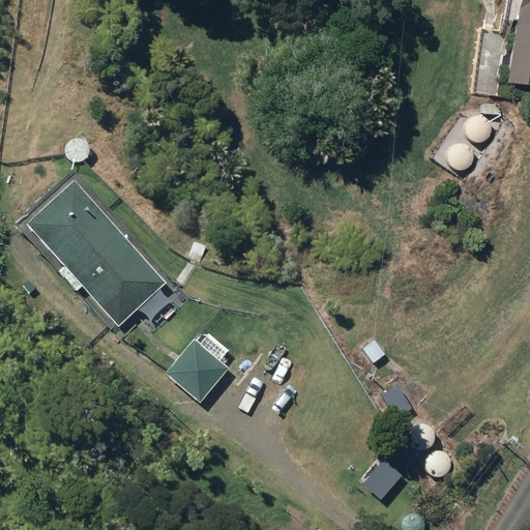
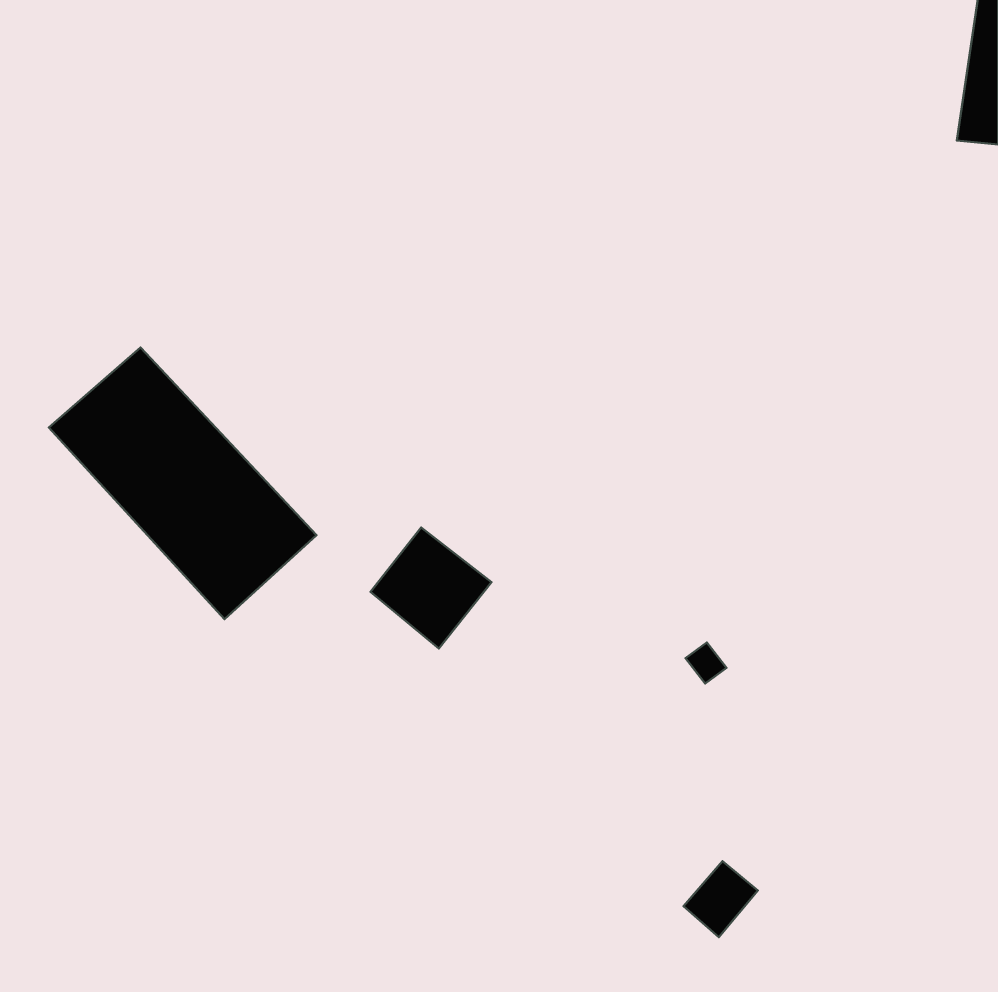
building: [166,338,230,403] -> [371,528,492,649]

